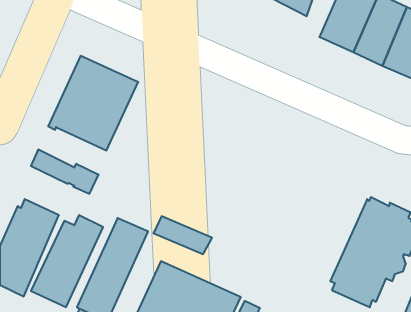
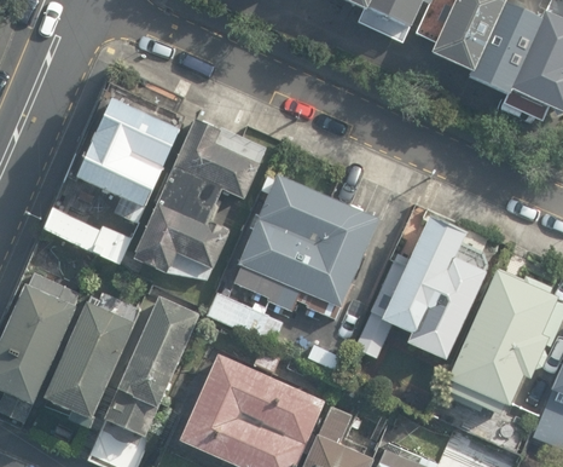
building: none -> [132,116,267,278]
building: none -> [232,178,376,322]
building: none -> [355,213,497,362]

